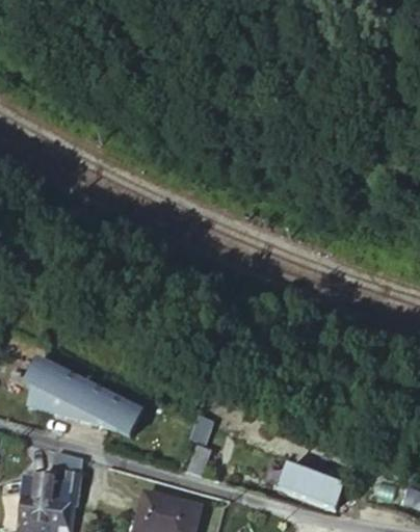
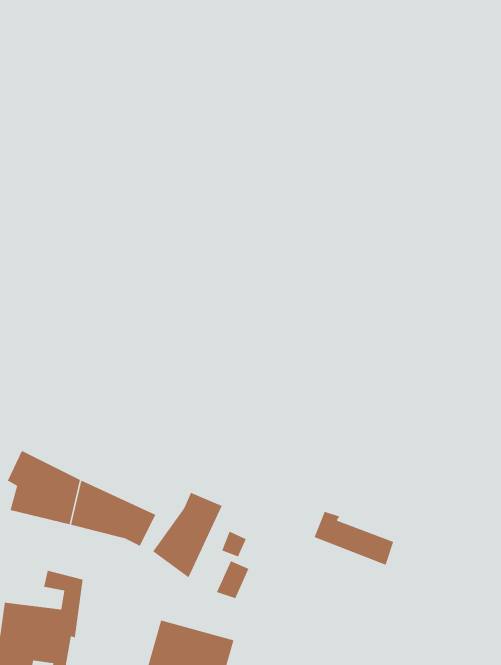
building: none -> [152,492,223,579]
building: [280,467,342,509] -> [313,511,394,566]

